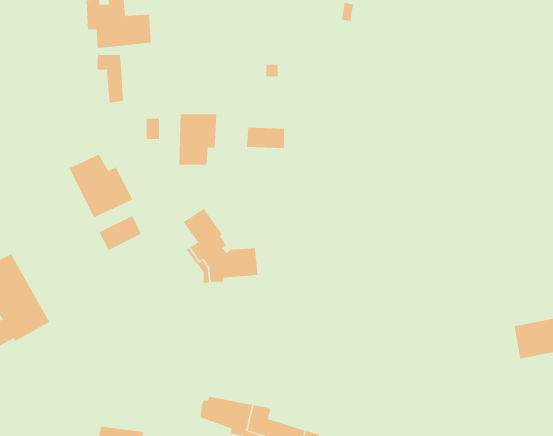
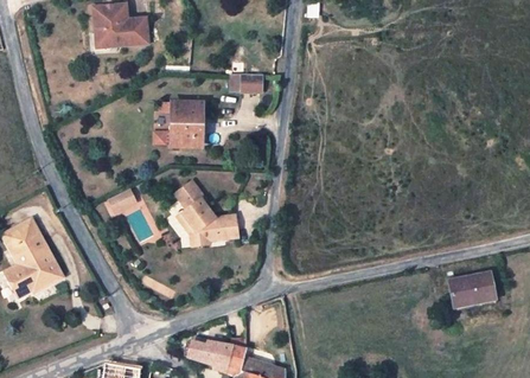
building: [97,54,124,103] -> none
building: [246,127,285,149] -> [229,75,261,92]
building: [69,154,133,218] -> none

